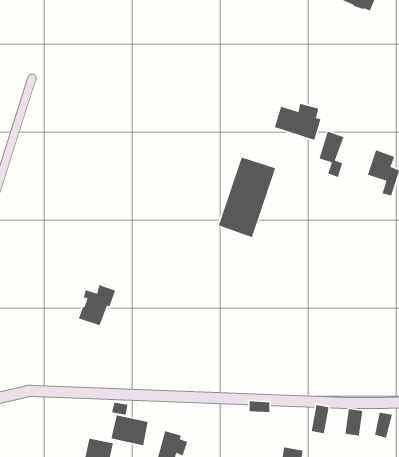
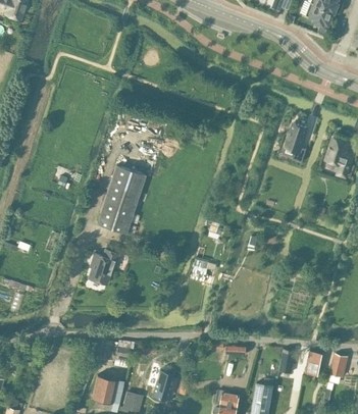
building: [274,103,322,141] -> none
building: [218,157,276,238] -> [97,166,145,234]
building: [110,415,148,446] -> none

